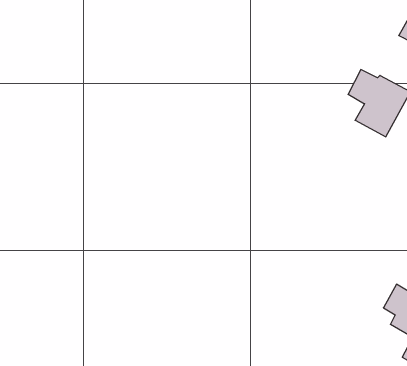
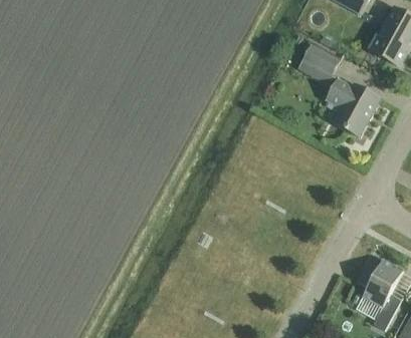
building: none -> [303,45,340,75]

